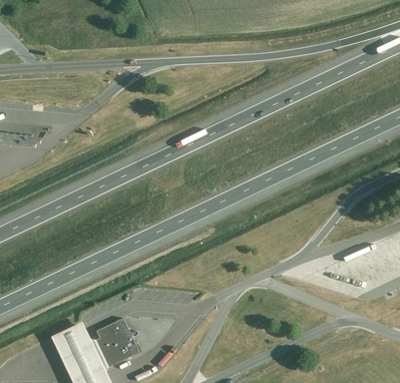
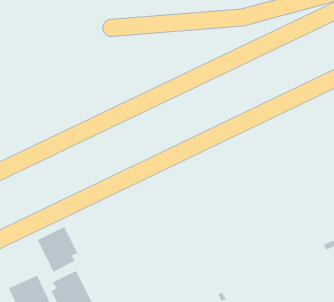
building: none -> [37,226,78,272]

